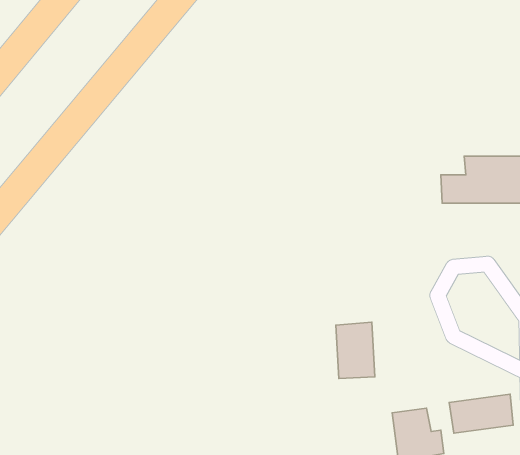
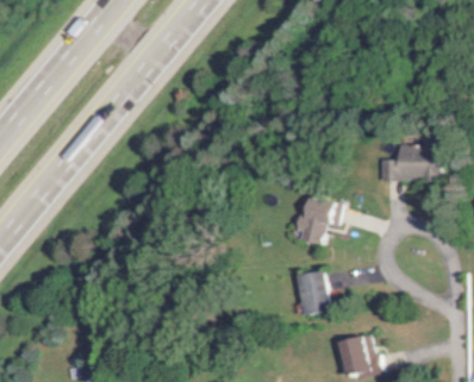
building: none -> [293,198,336,243]
building: [449,394,513,433] -> none

